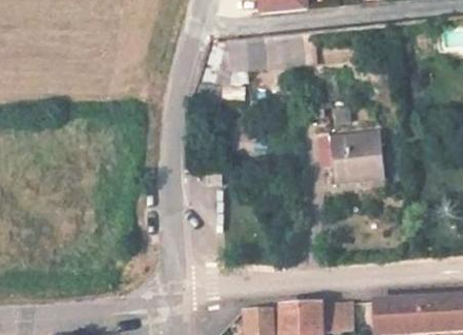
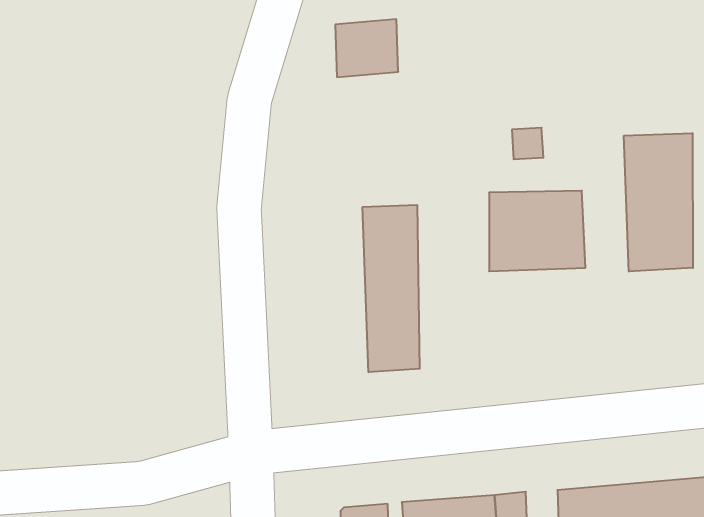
building: none -> [624,133,693,272]
building: none -> [363,205,420,372]

